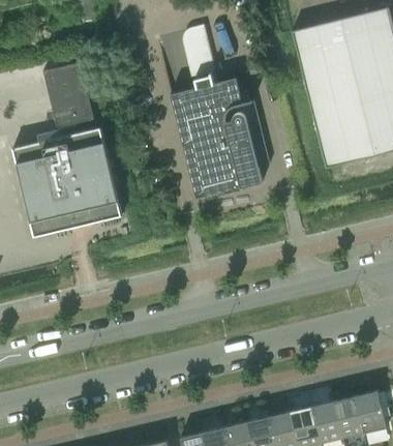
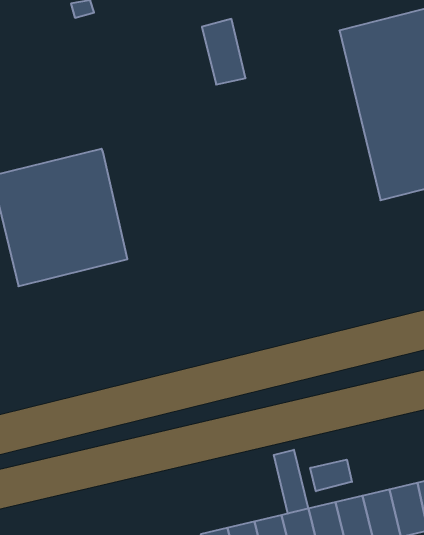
building: [46,68,93,127] -> none
building: [171,78,263,198] -> none
building: none -> [274,450,308,514]
building: none -> [310,460,352,491]

